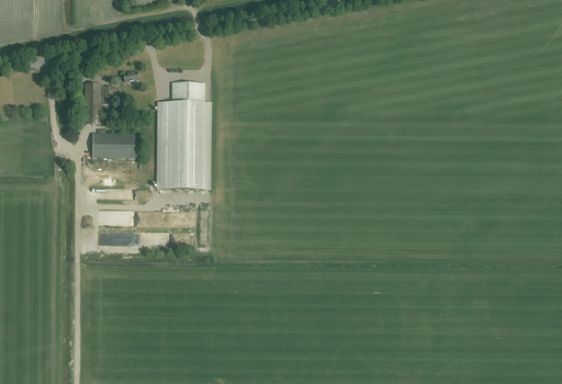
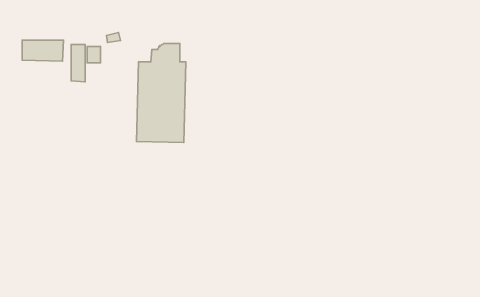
building: [92,133,137,156] -> [22,40,64,61]

